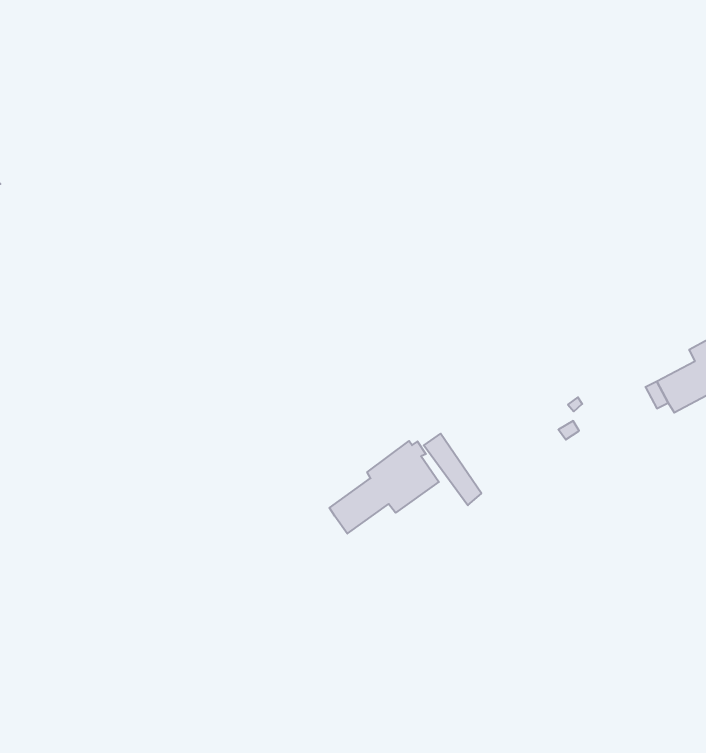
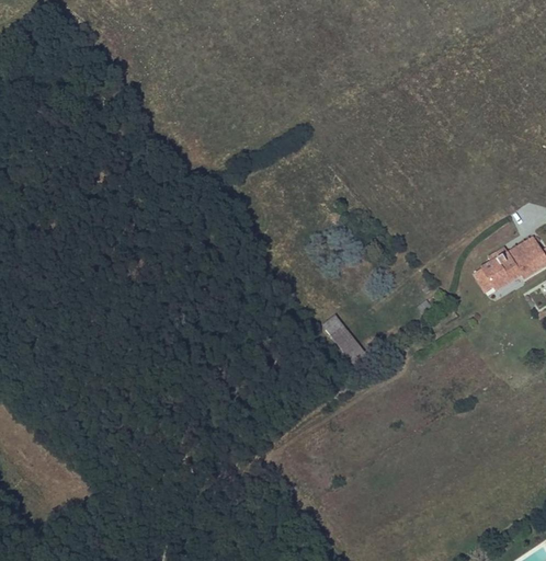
building: [329,441,439,534] -> none

